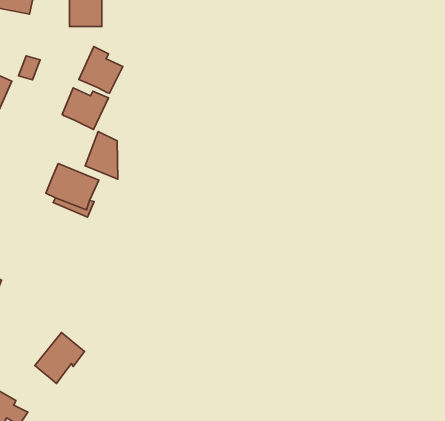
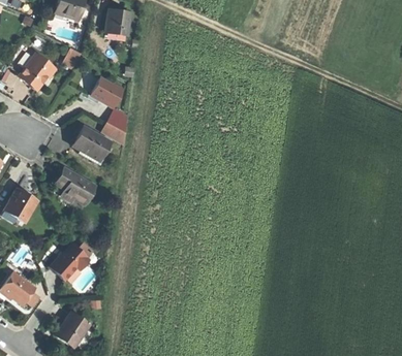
building: [79,47,123,93] -> none
building: none -> [54,170,94,205]

